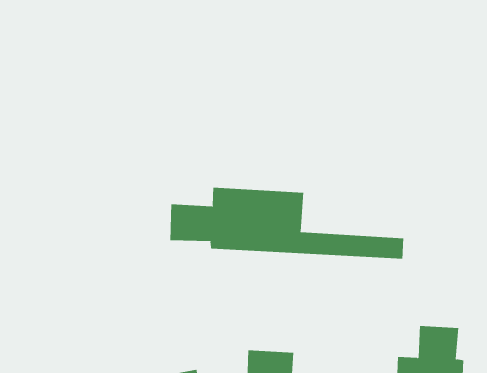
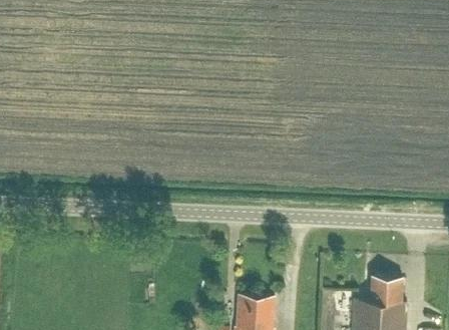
building: [170,187,404,259] -> none

